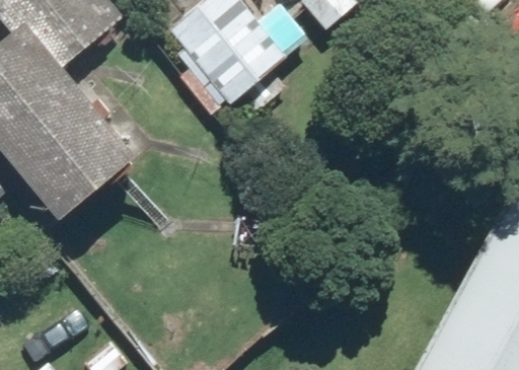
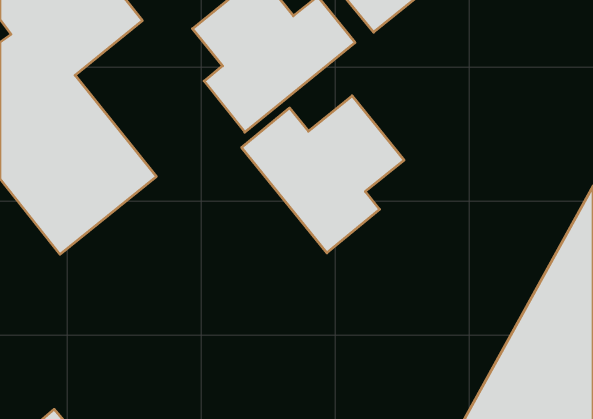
building: none -> [242,96,404,253]

